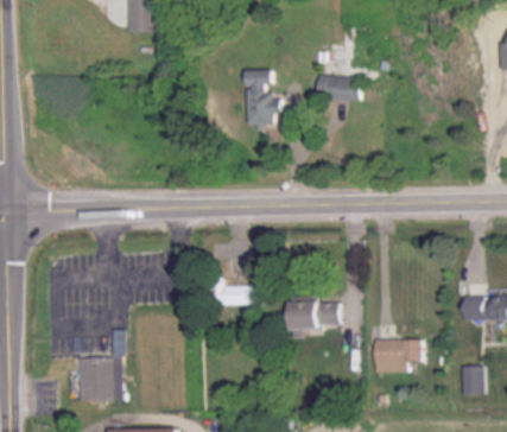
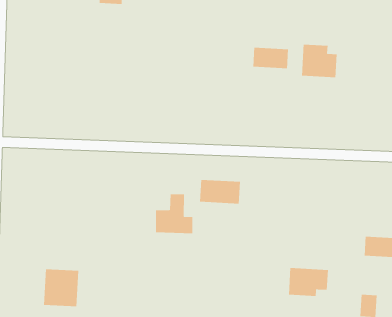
building: none -> [301,44,337,78]
building: [243,70,280,129] -> none
building: [289,303,337,330] -> [199,179,241,204]

